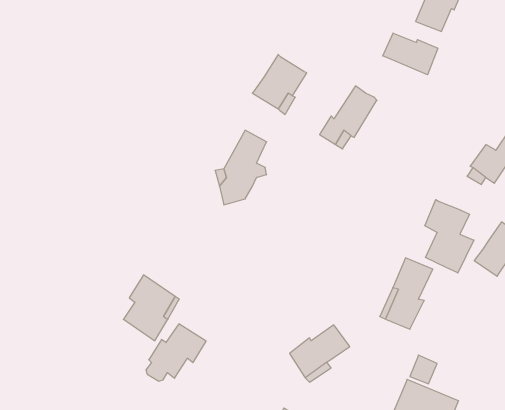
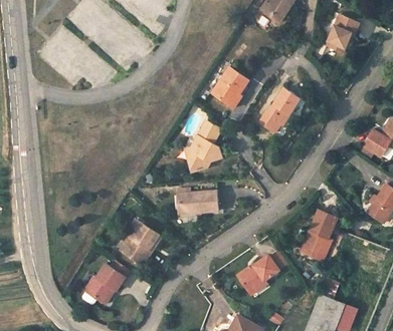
building: [383,33,438,75] -> none
building: [425,200,474,273] -> none
building: none -> [176,191,216,213]
building: [146,324,206,381] -> [82,267,125,307]

